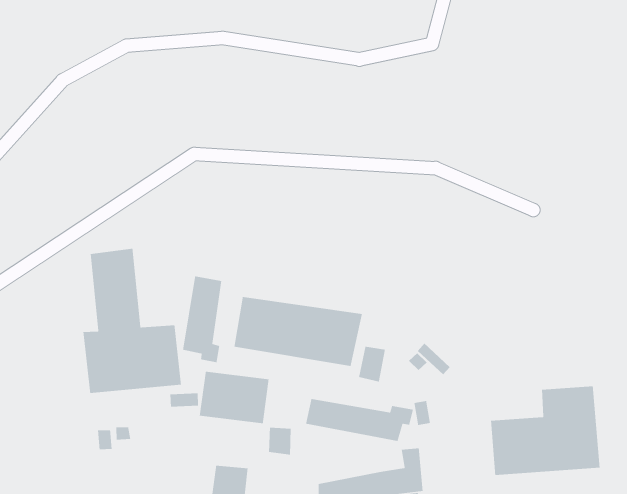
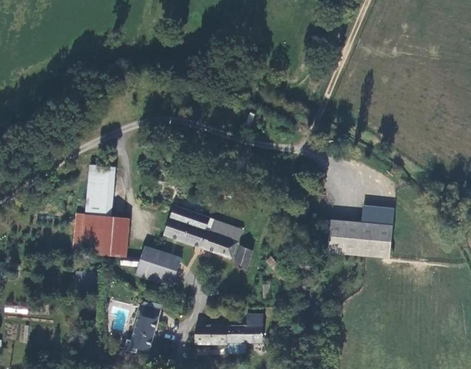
building: [182,275,222,363] -> none
building: [490,386,601,476] -> [326,205,393,257]
building: [305,398,414,442] -> none

